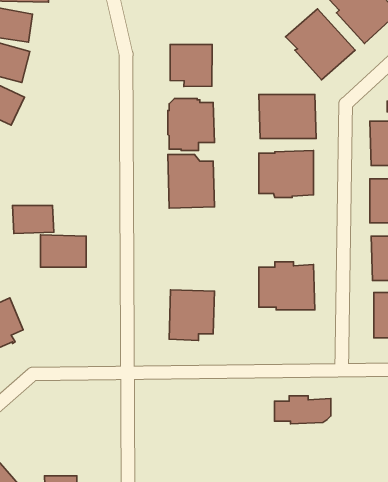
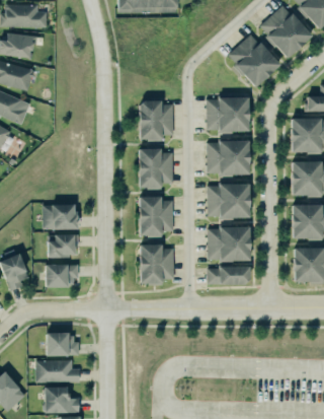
building: [170,44,212,86] -> none
building: [12,206,54,234] -> [48,235,79,257]
building: none -> [206,184,249,219]
building: none -> [138,196,173,237]
building: none -> [45,263,78,288]
building: [275,396,331,424] -> [207,264,249,285]
building: none -> [47,333,78,355]
building: none -> [36,360,79,380]

